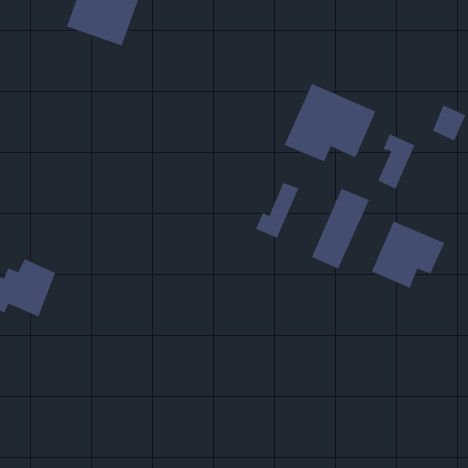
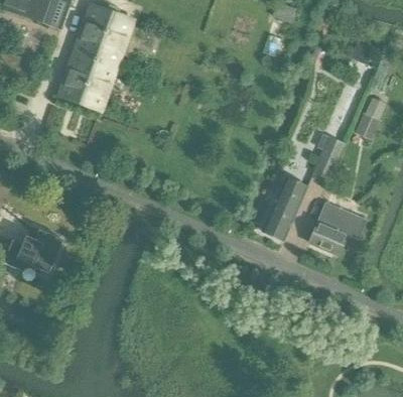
building: none -> [57,51,116,109]
building: [284,83,376,162] -> none
building: [255,182,299,239] -> none

